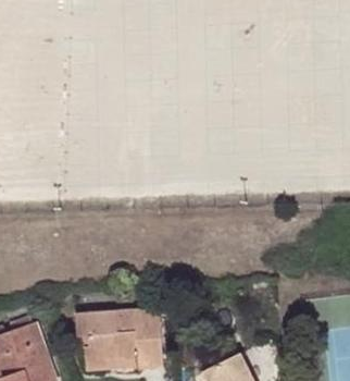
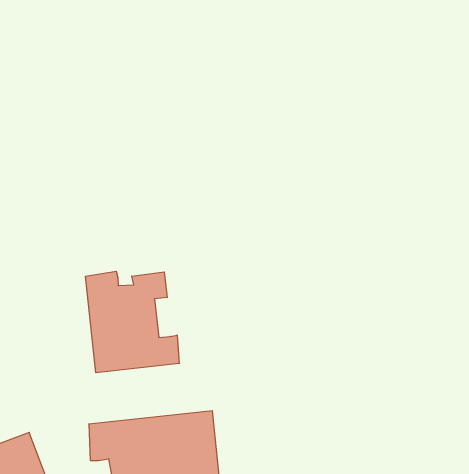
building: none -> [86,271,179,373]

